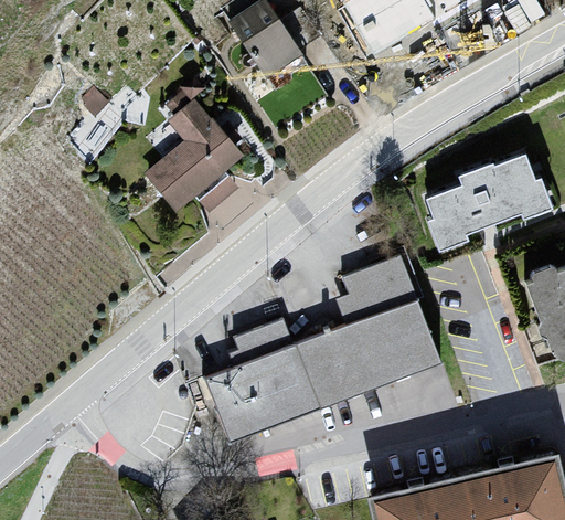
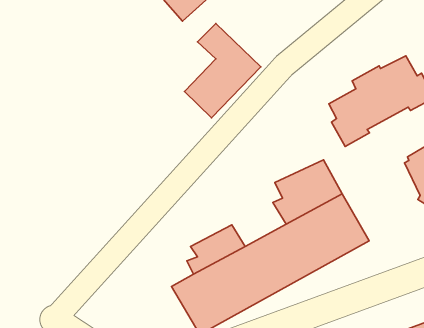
building: [146,98,239,209] -> [185,23,261,118]

